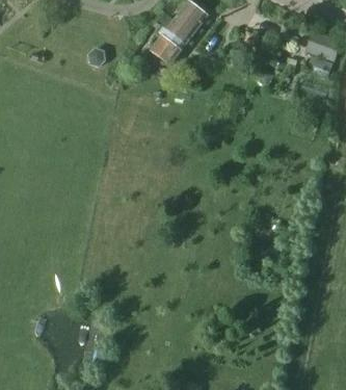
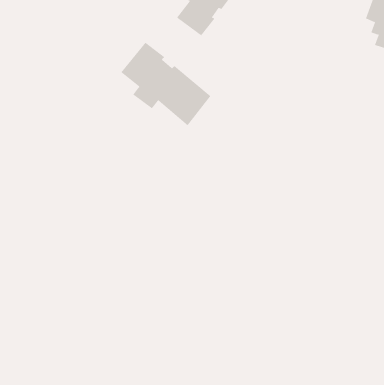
building: none -> [121,42,211,126]

